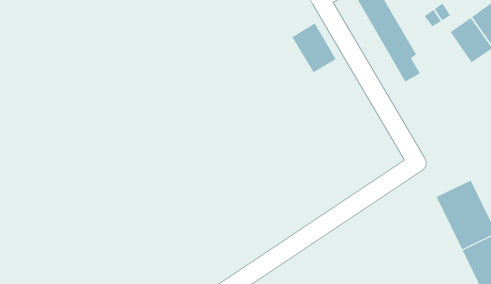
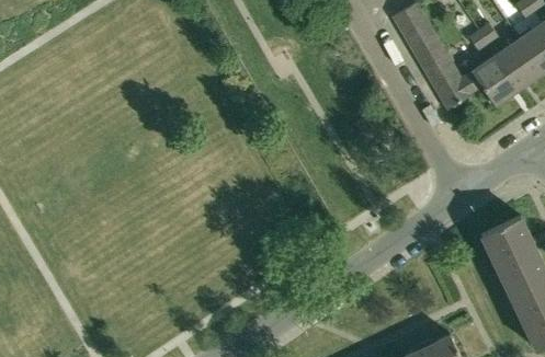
building: [291,22,336,73] -> none
building: none -> [455,54,520,104]

